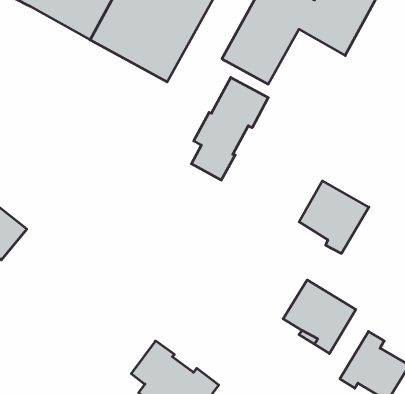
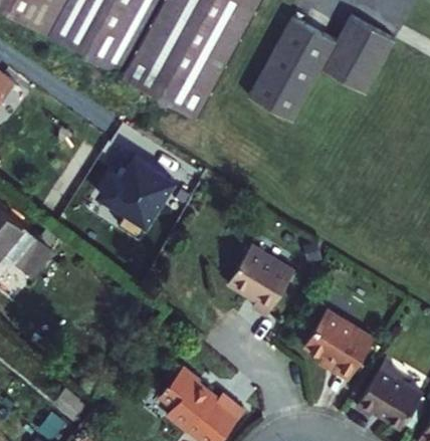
building: [191,77,268,180] -> none
building: none -> [90,159,180,242]
building: [299,181,369,253] -> [227,243,293,312]

